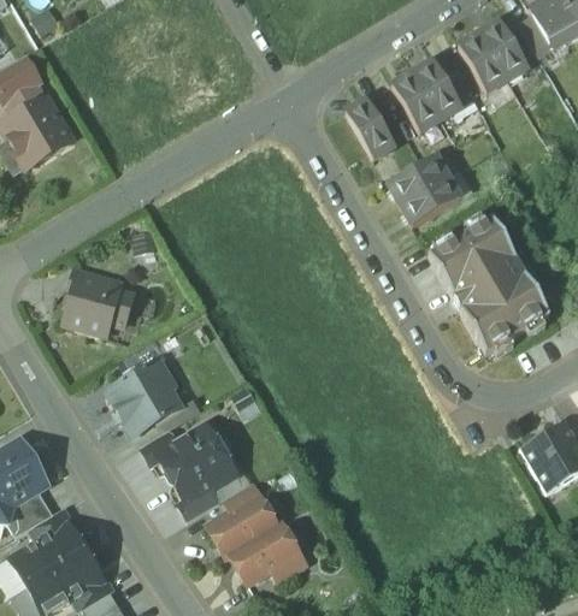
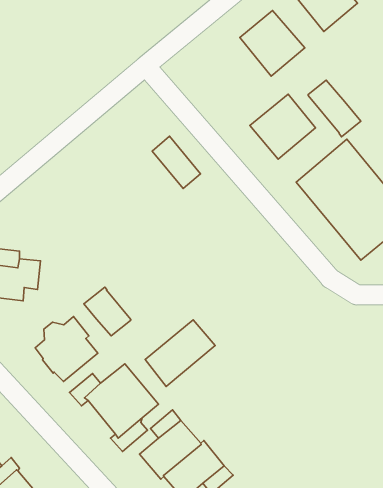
building: [346,99,395,159] -> [152,136,201,189]
building: none -> [308,80,361,137]
building: none -> [84,287,131,336]
building: none -> [145,320,215,387]

